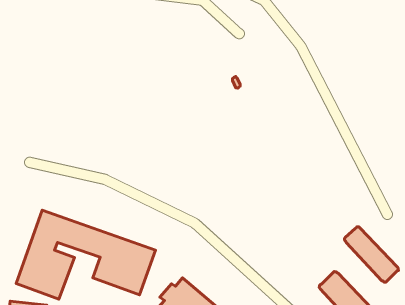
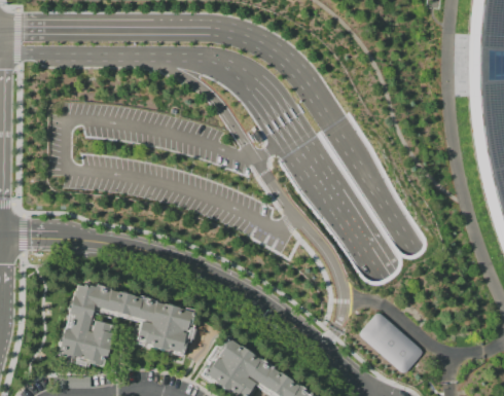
building: [344,227,398,282] -> none

